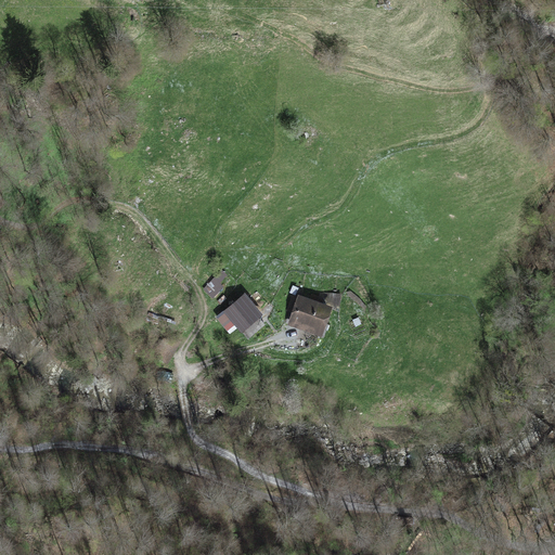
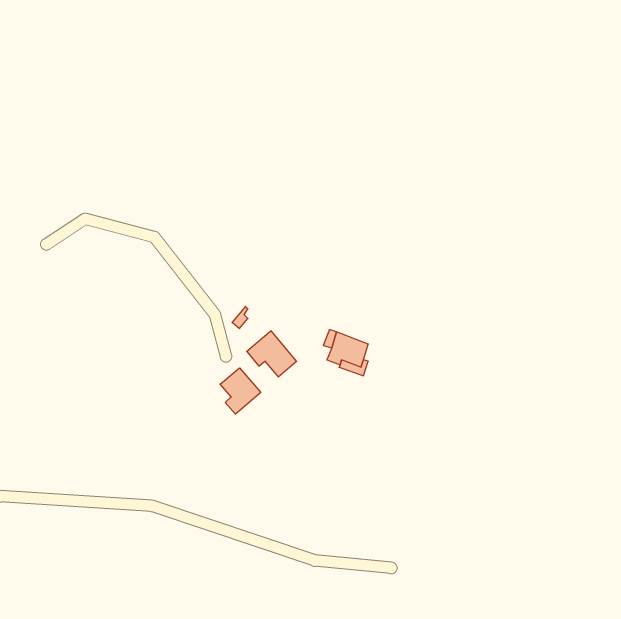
building: none -> [220,368,261,414]

